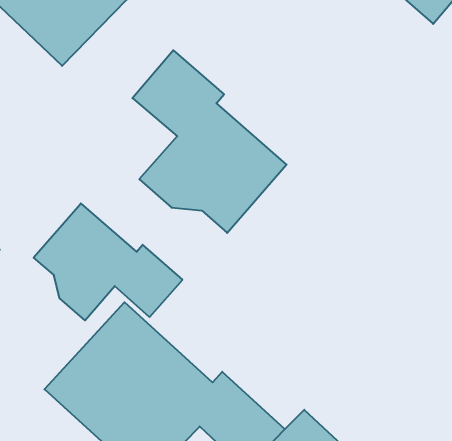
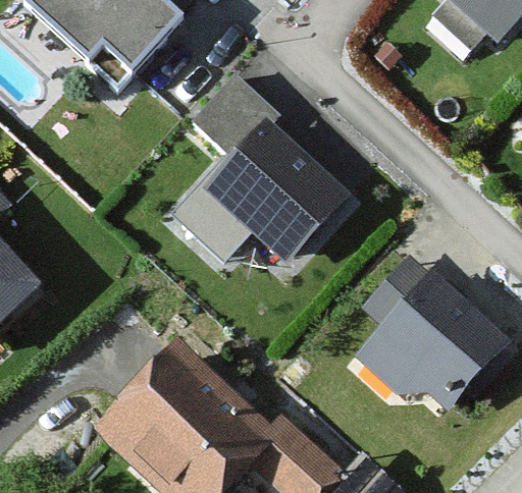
building: [34,203,182,320] -> none
building: none -> [343,258,514,404]

